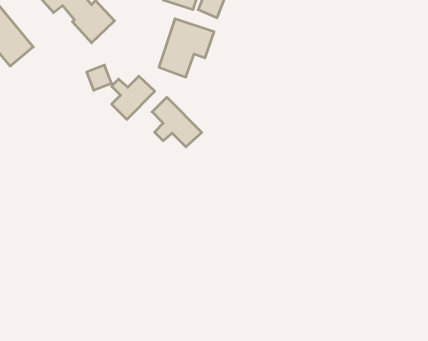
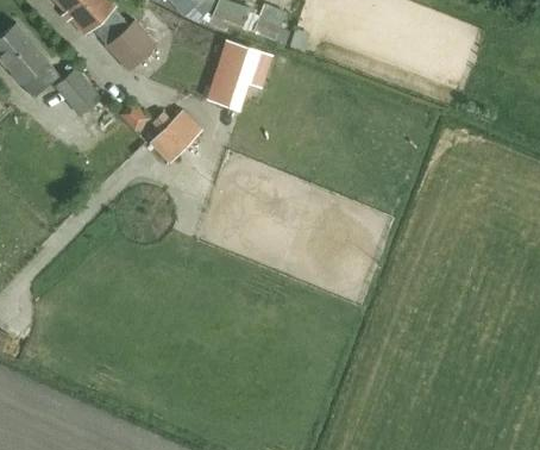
building: none -> [51,67,100,115]
building: [152,97,202,147] -> none

